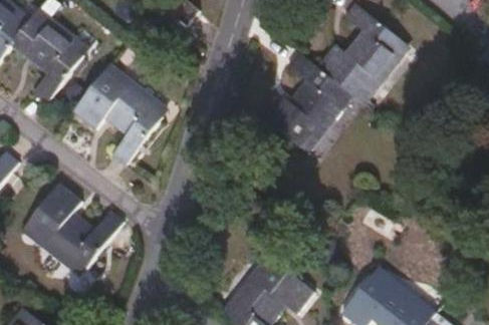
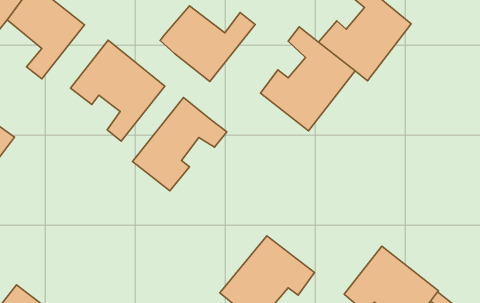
building: none -> [160,6,255,82]
building: none -> [132,97,227,191]
building: [20,180,123,276] -> none

